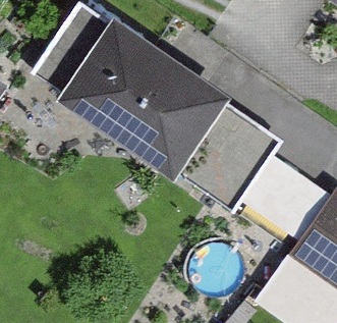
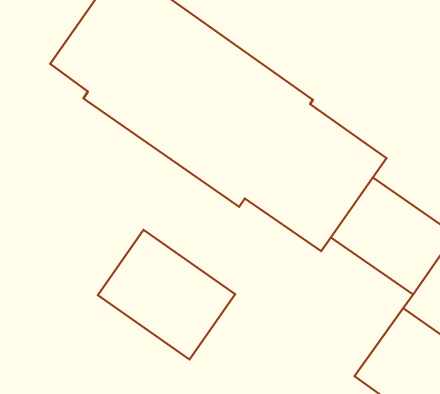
building: none -> [98,230,235,360]

